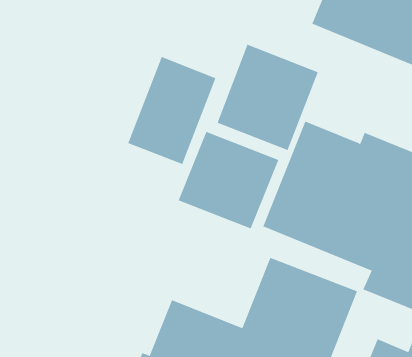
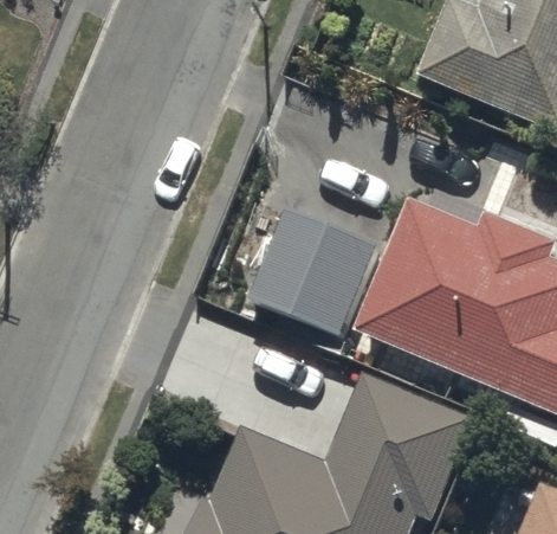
building: [217,44,319,151] -> none
building: [127,56,216,165] -> none

